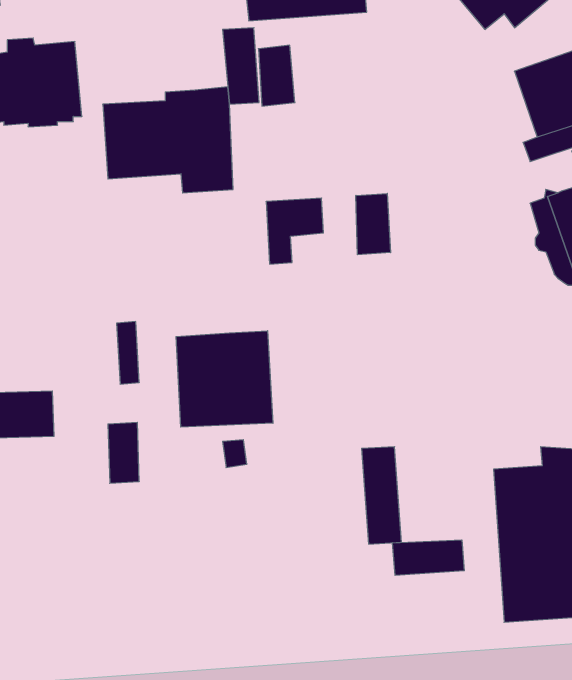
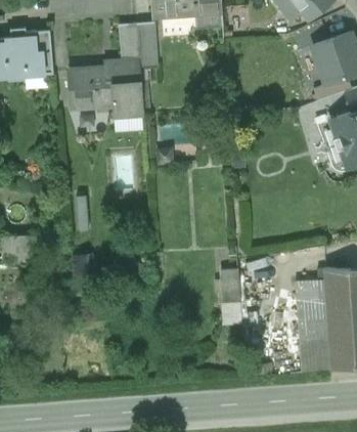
building: [258,45,295,106] -> [119,23,140,58]
building: [356,193,391,255] -> none
building: [176,331,273,427] -> none
building: [392,540,464,575] -> none

